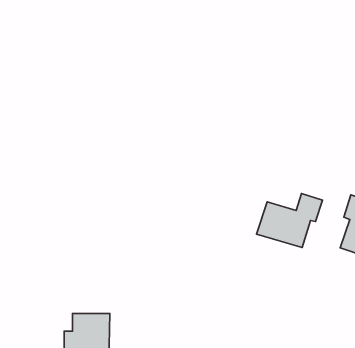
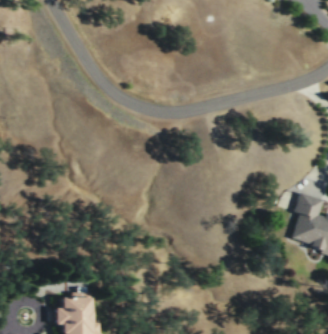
building: [256,193,322,248] -> none

